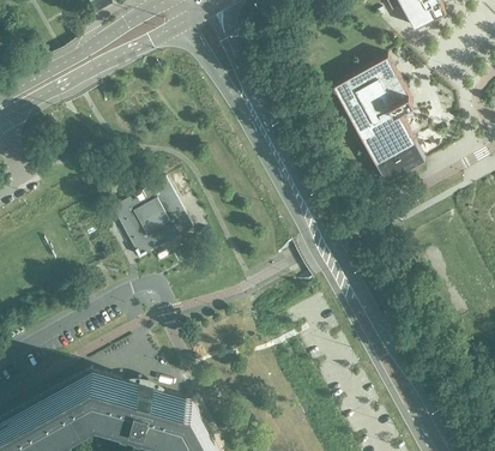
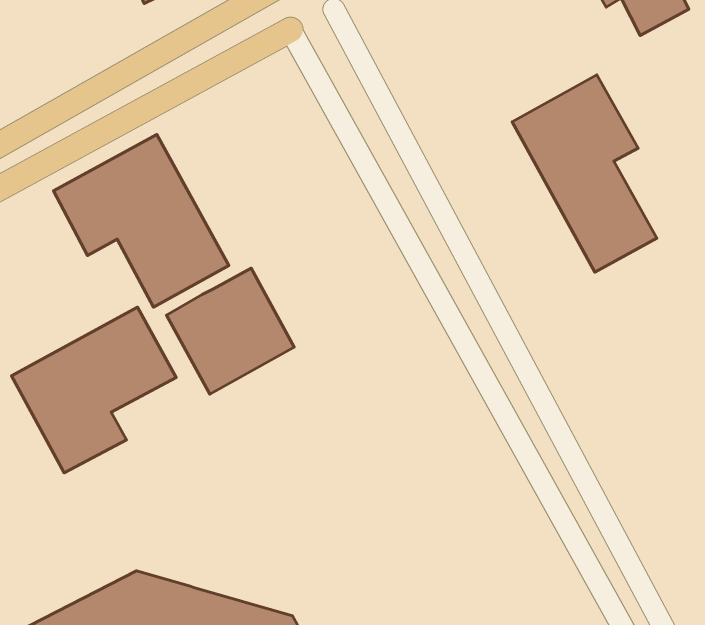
building: none -> [53,134,229,307]
building: none -> [12,307,176,473]

